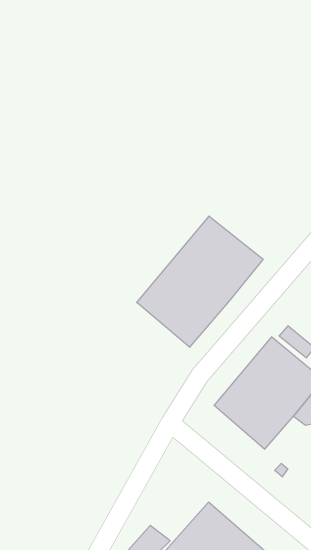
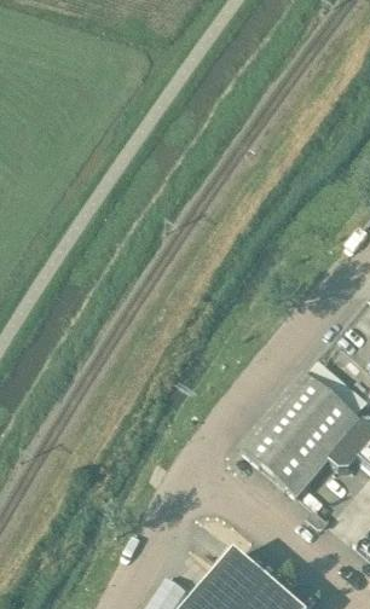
building: [137,216,263,347] -> none

